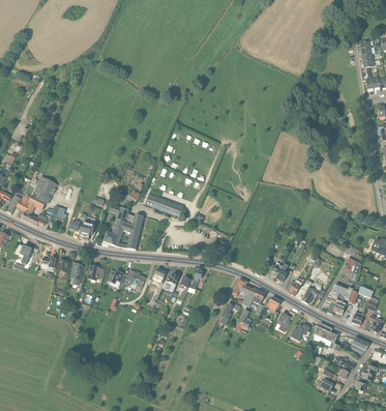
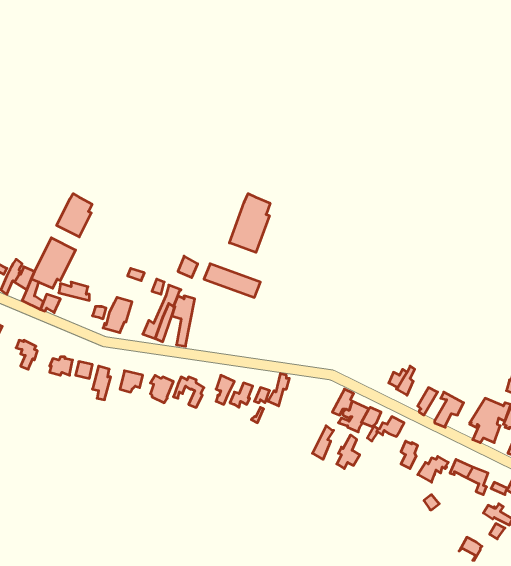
building: none -> [57,194,92,237]
building: none -> [229,194,270,252]

